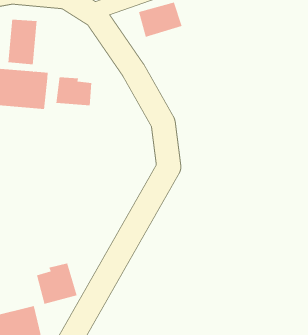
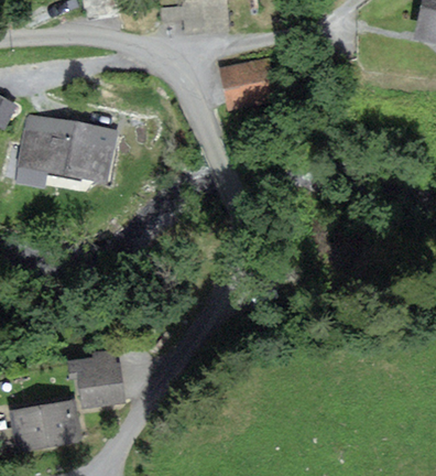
building: [8,19,37,65] -> none
building: [56,76,92,106] -> none

